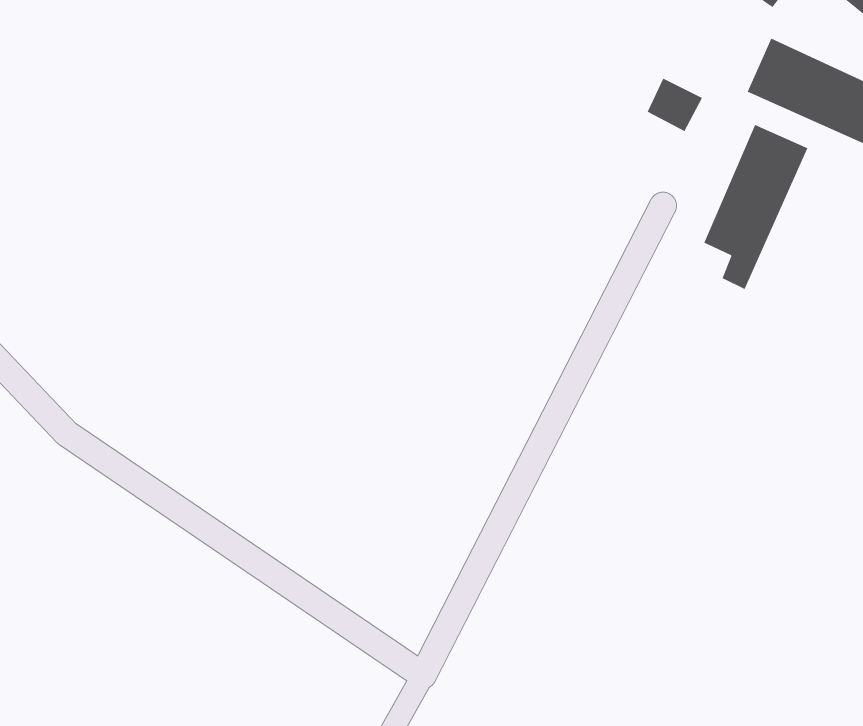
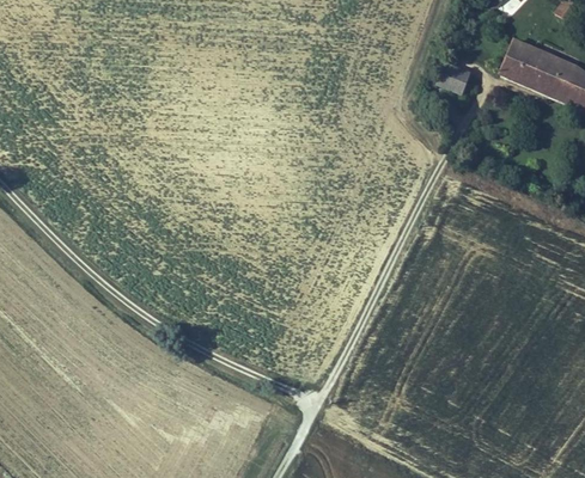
building: [703,124,808,290] -> none

